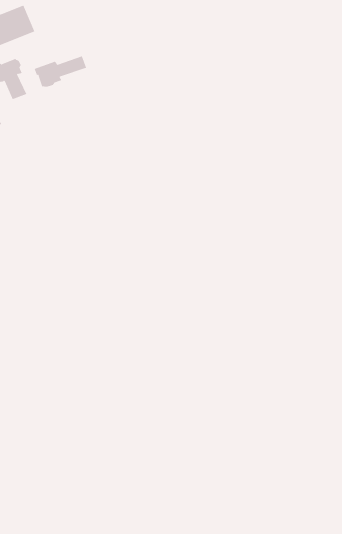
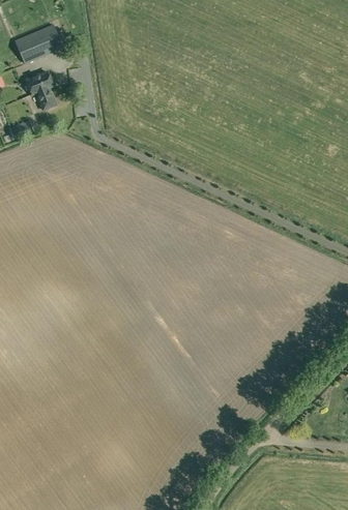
building: [34,55,87,88] -> none

